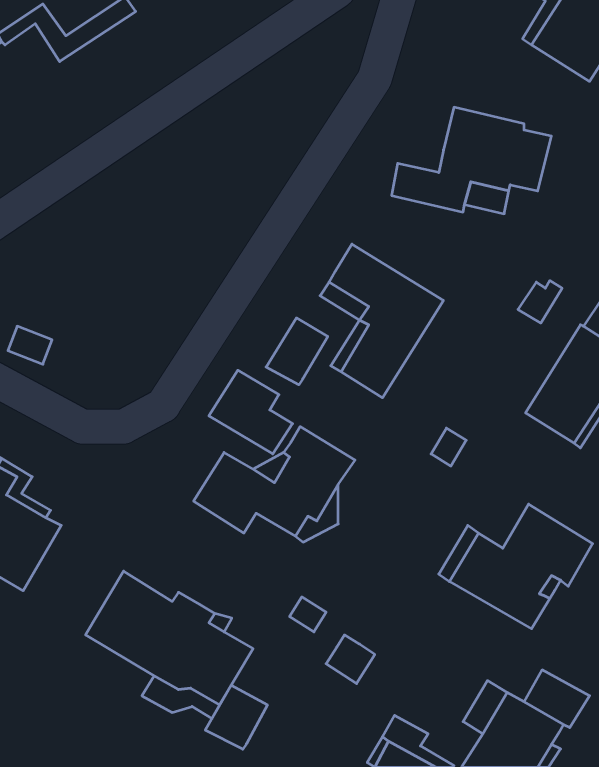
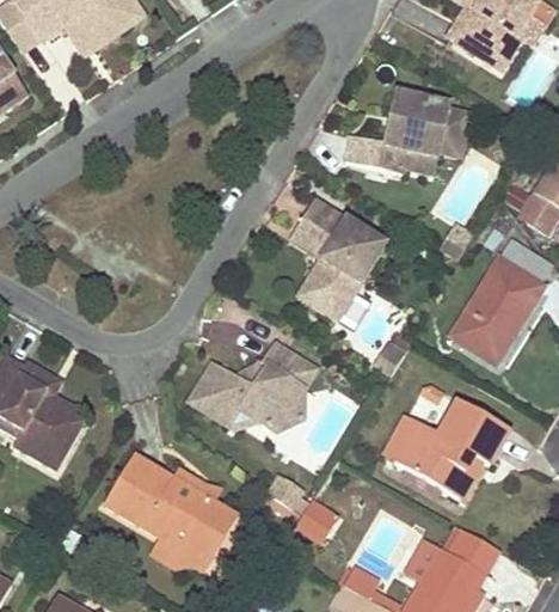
building: [266,318,328,385] -> none
building: [205,685,267,749] -> none

